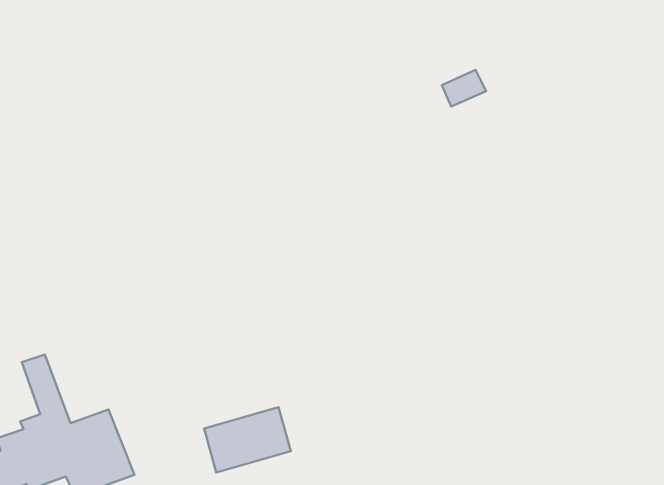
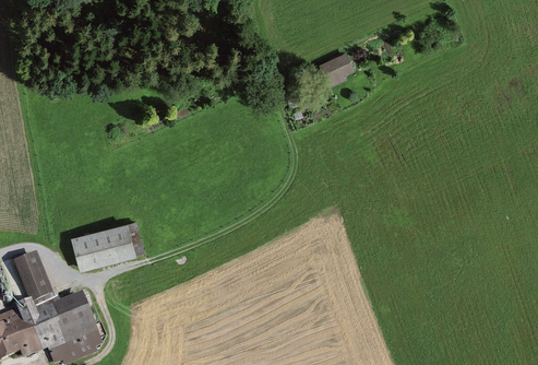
building: [204,407,291,473] -> [71,224,133,271]

